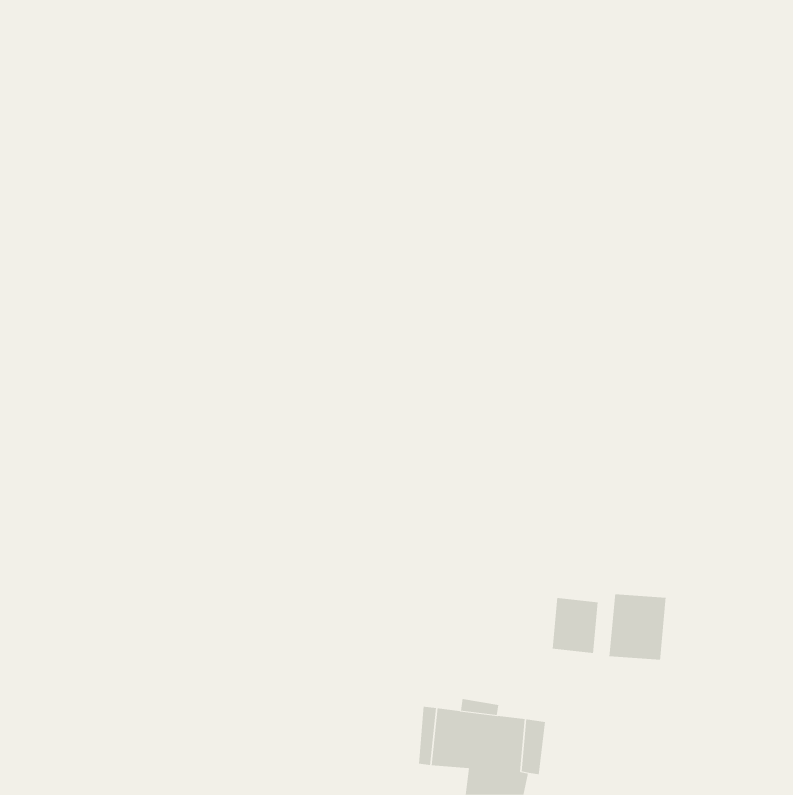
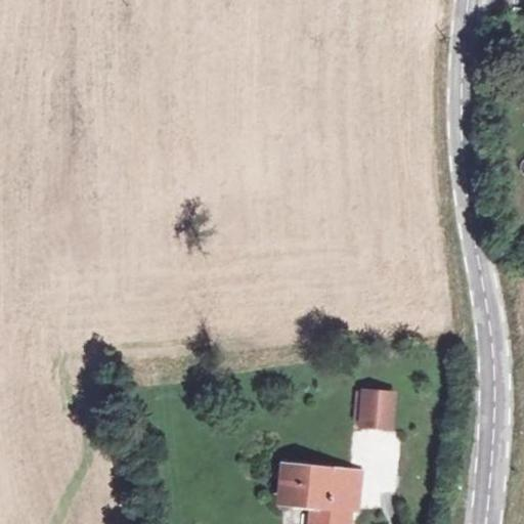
building: [609,594,666,661] -> none

